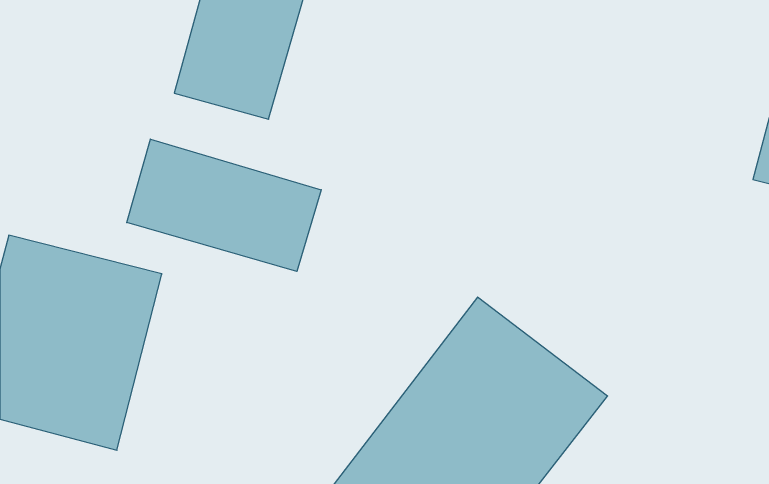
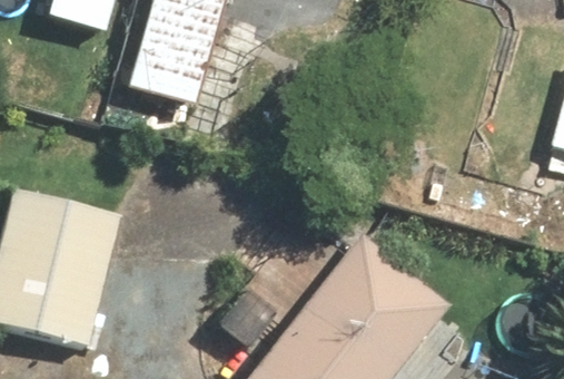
building: [127,139,321,271] -> none

